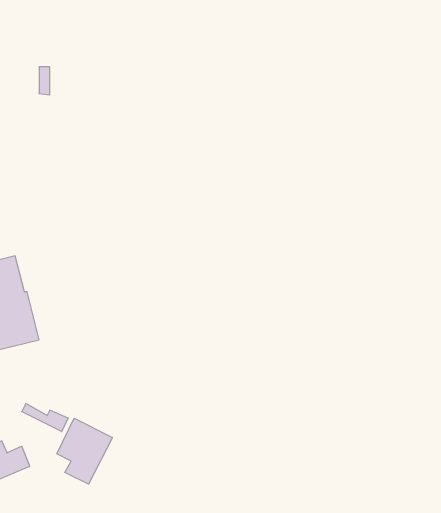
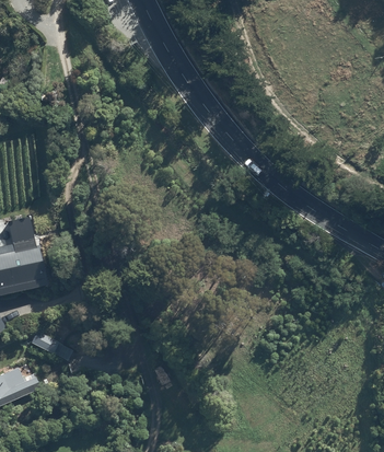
building: [57,418,112,484] -> none

